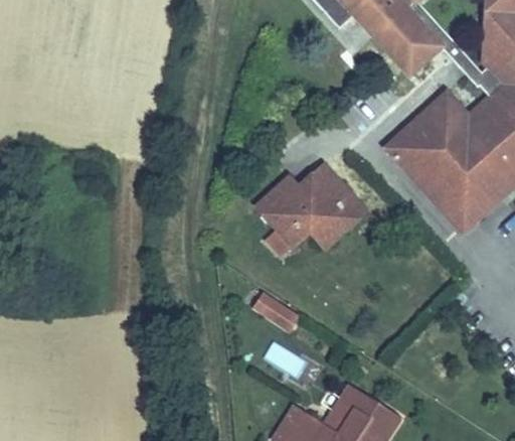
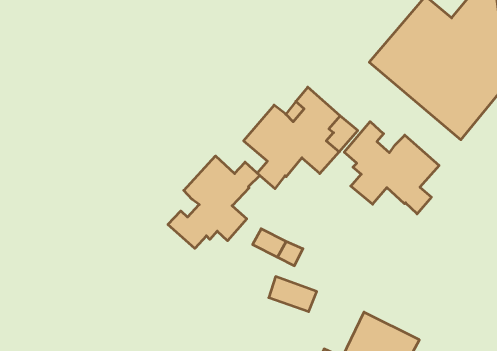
building: none -> [344,122,439,214]
building: none -> [168,156,260,248]

